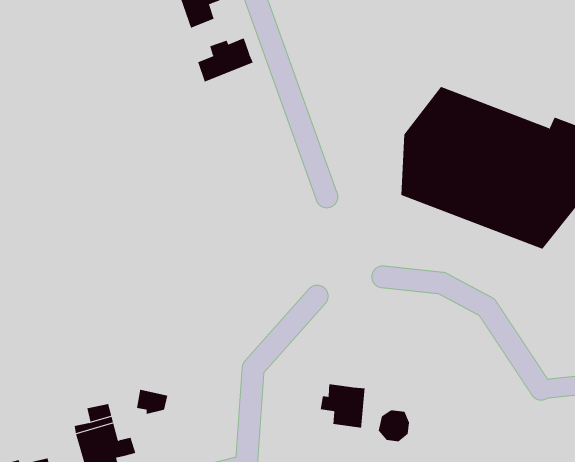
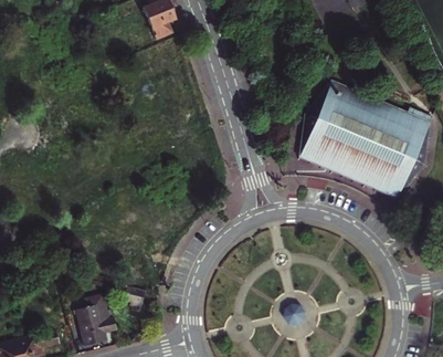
building: [198,38,253,82] -> none
building: [320,384,365,429] -> none

